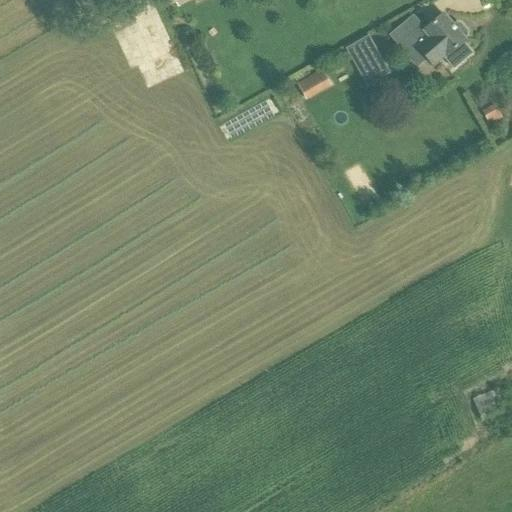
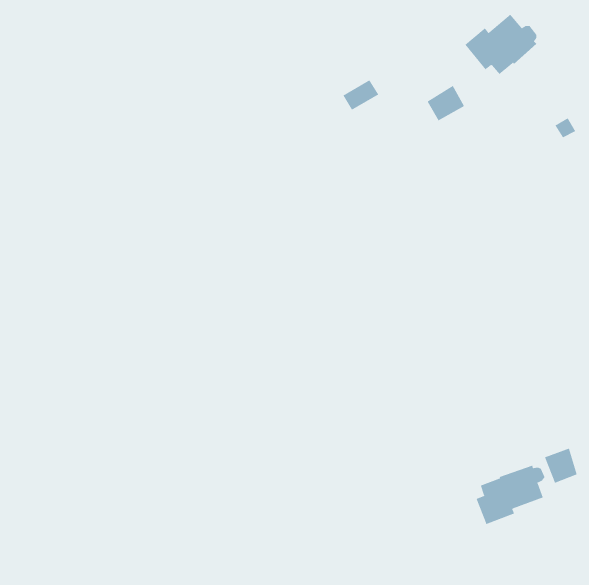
building: [350,42,383,73] -> [427,85,465,121]
building: none -> [476,465,545,525]

